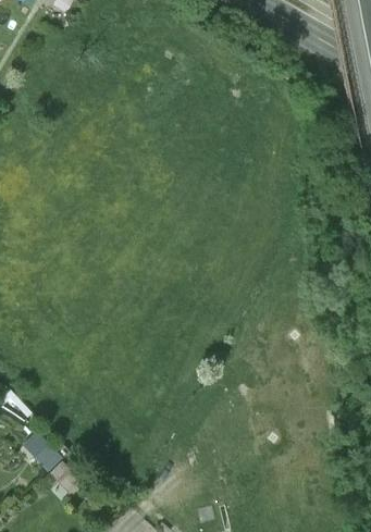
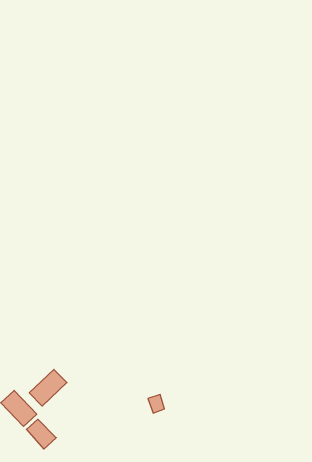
building: none -> [29,369,67,406]

